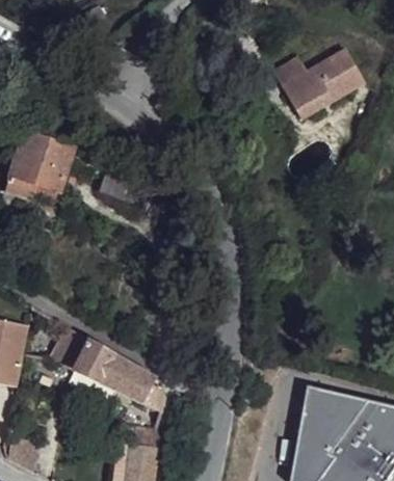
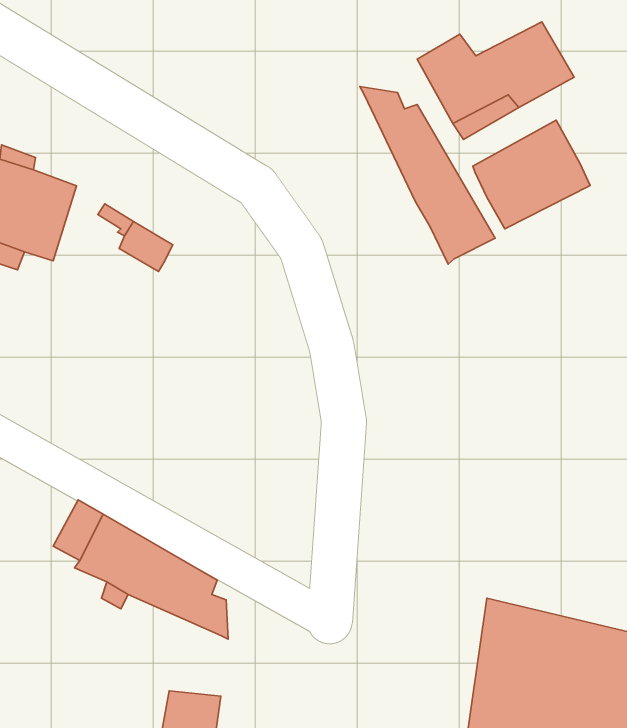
building: none -> [360,86,495,264]
building: none -> [473,120,590,229]

